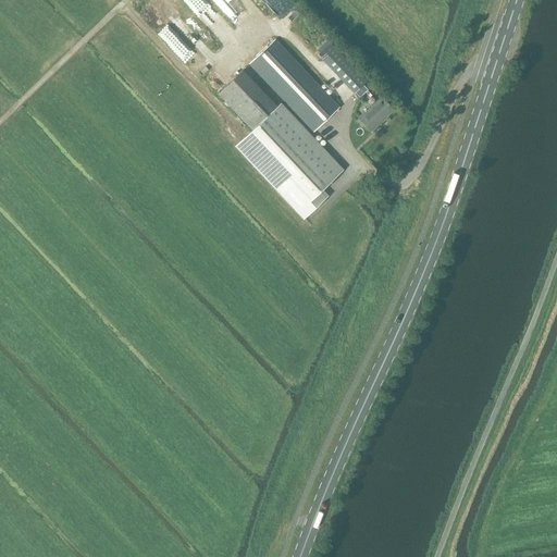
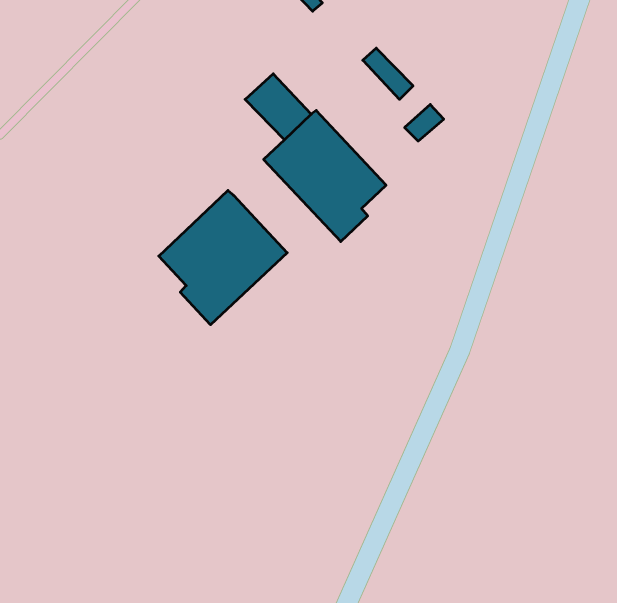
building: [250,39,341,132] -> none
building: none -> [159,190,287,325]

